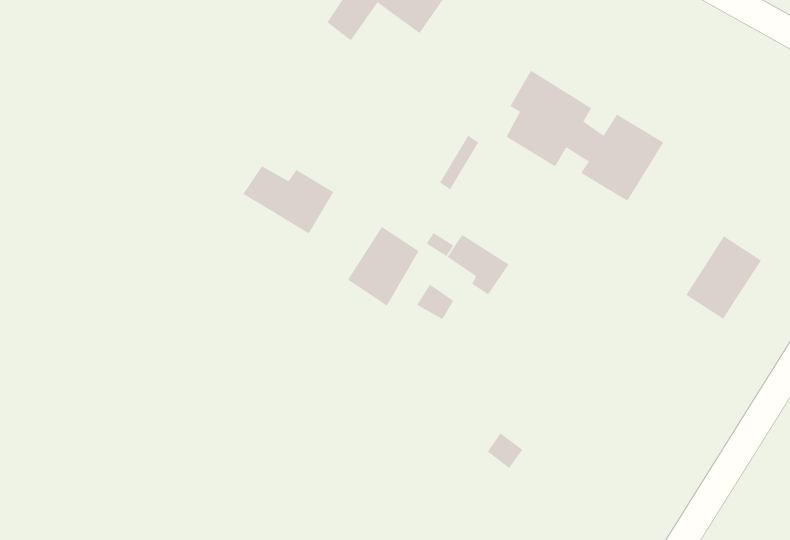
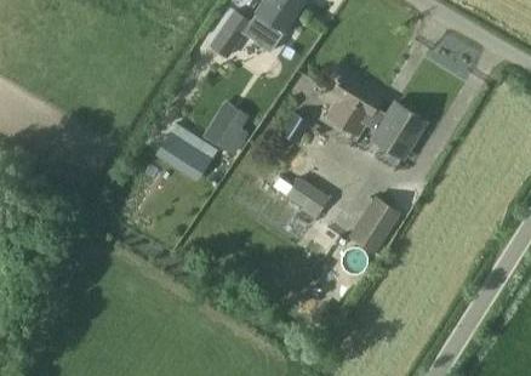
building: [347,226,420,306] -> [202,102,249,153]
building: [685,236,762,320] -> [352,199,400,252]

